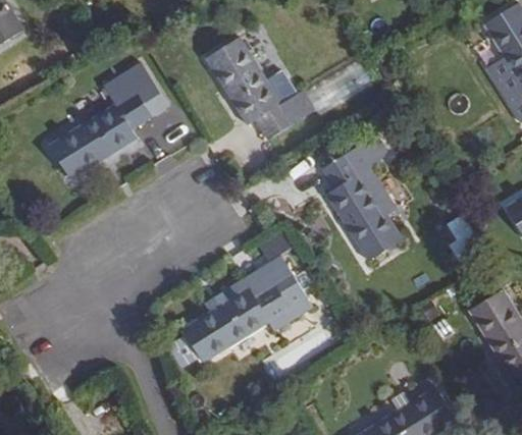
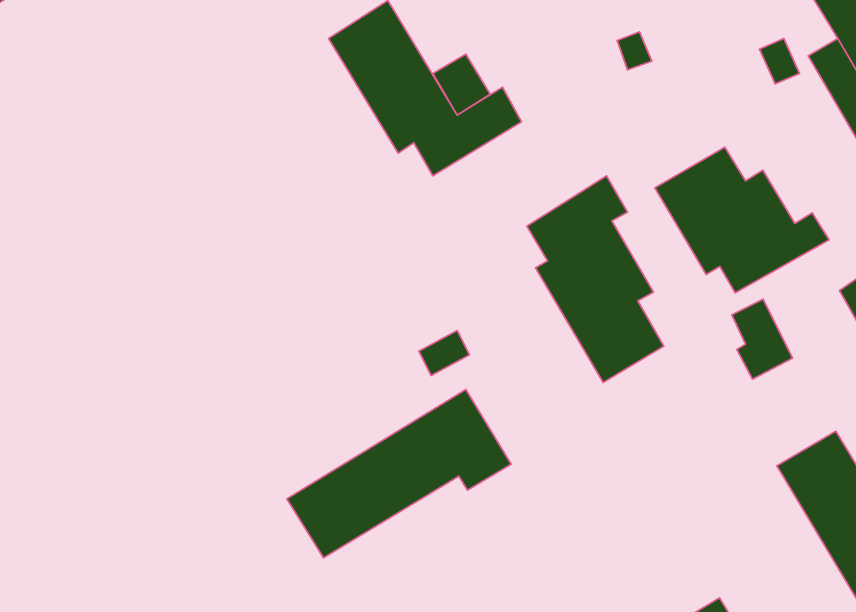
building: [48,62,169,180] -> none
building: none -> [655,147,829,293]

